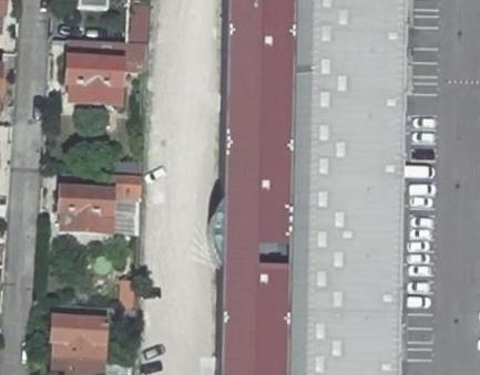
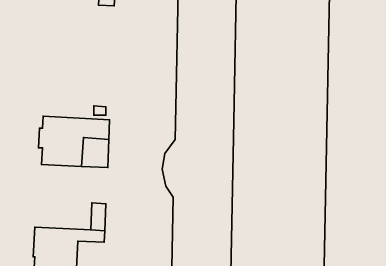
building: [71,42,153,105] -> none

